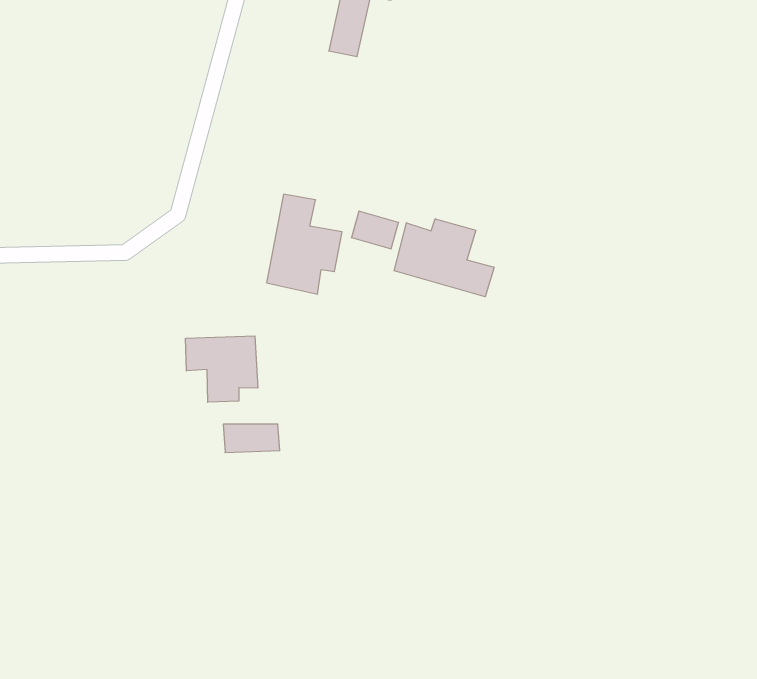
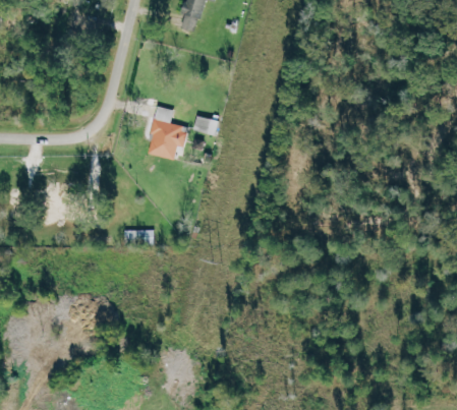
building: [394,219,494,297] -> none
building: [186,336,258,402] -> none

